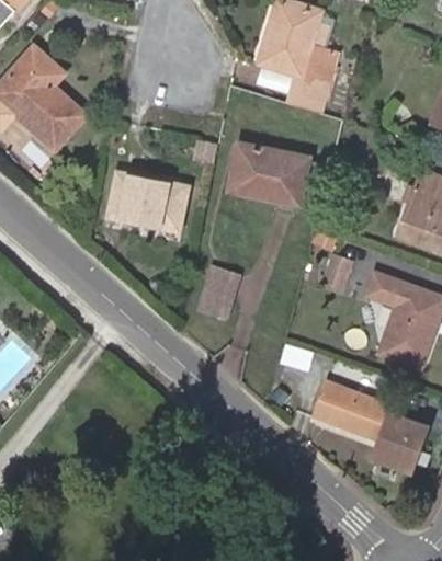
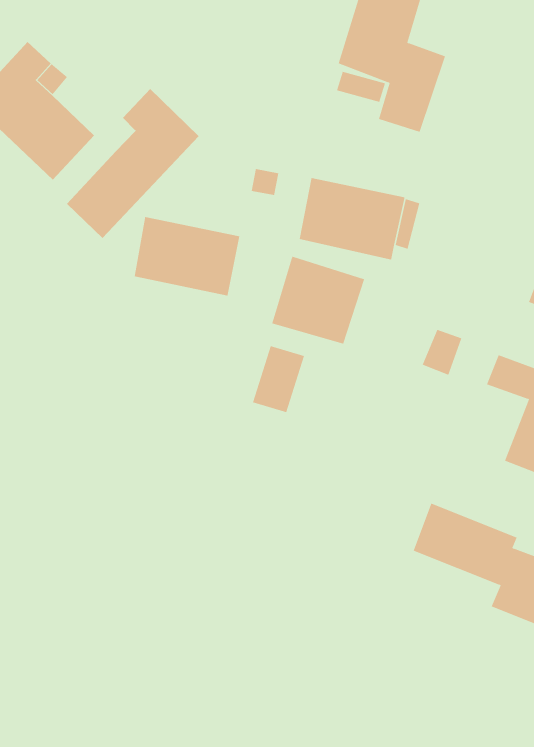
building: none -> [66,88,199,239]
building: none -> [271,256,365,344]

